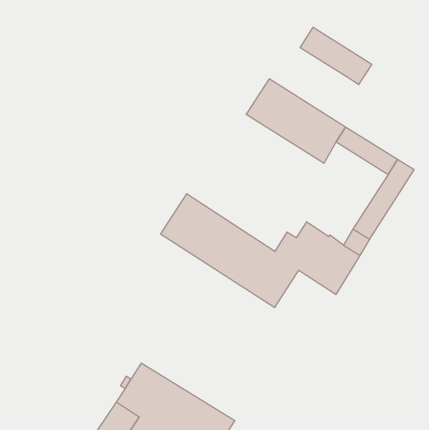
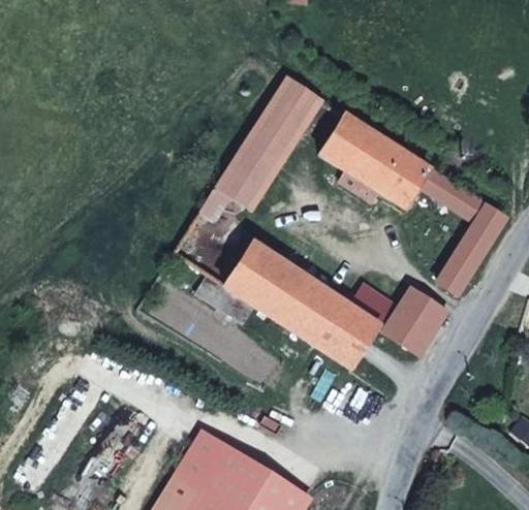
building: [300,27,372,85] -> none
building: none -> [200,77,322,221]

